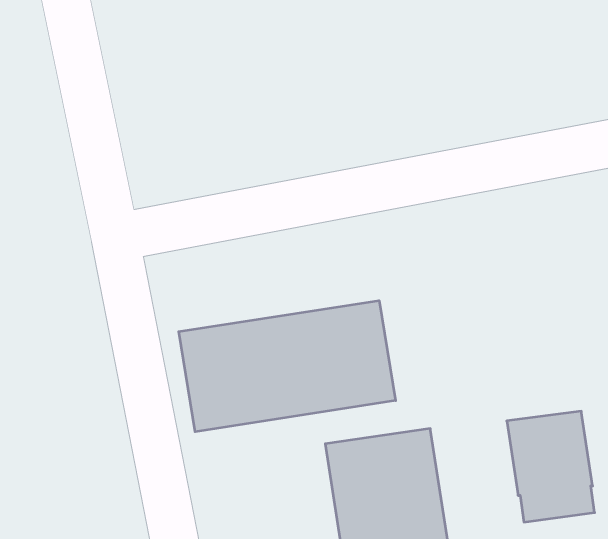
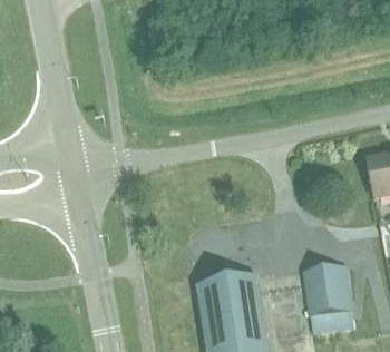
building: [179,301,396,432] -> none

